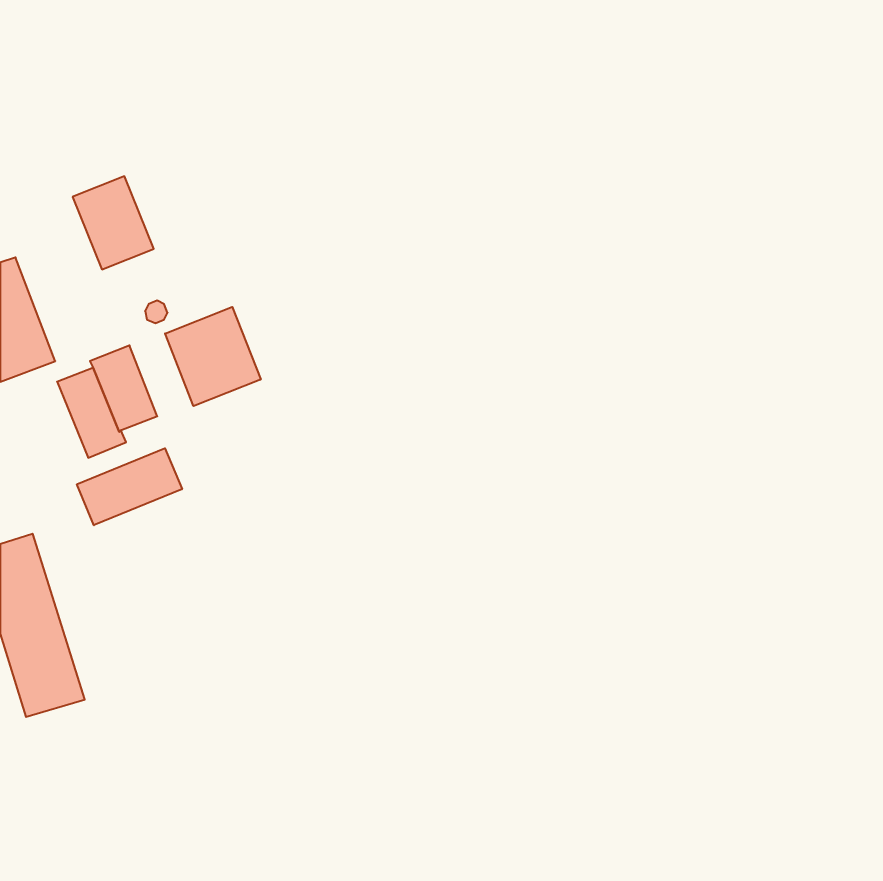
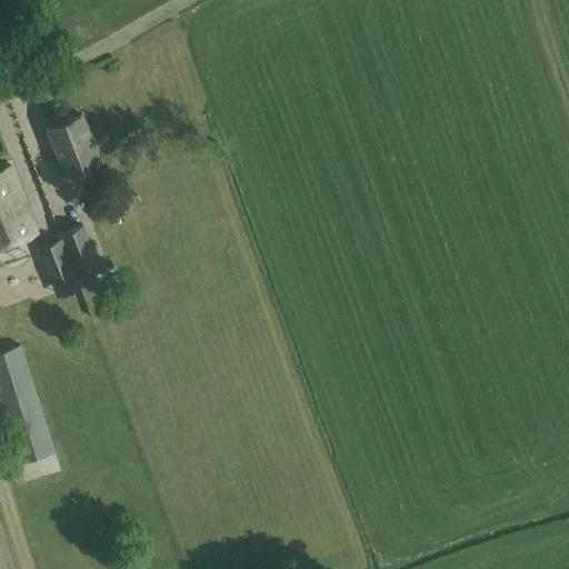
building: [165,307,261,406] -> none
building: [77,448,182,525] -> none

